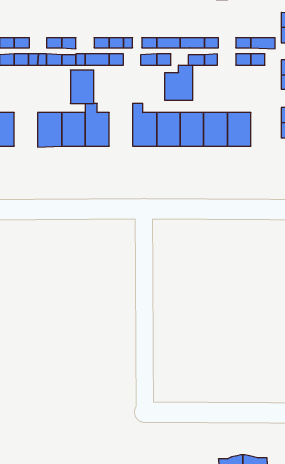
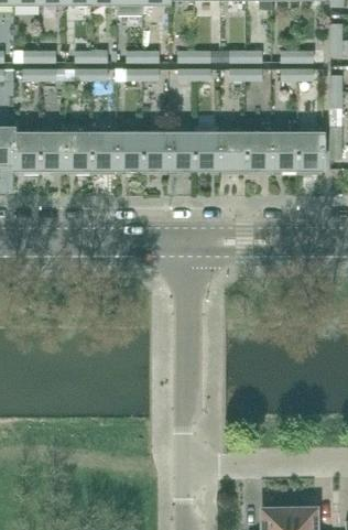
building: [165,65,193,100] -> none
building: [70,70,94,103] -> [142,132,167,169]
building: none -> [39,132,64,170]
building: none -> [296,132,323,169]

